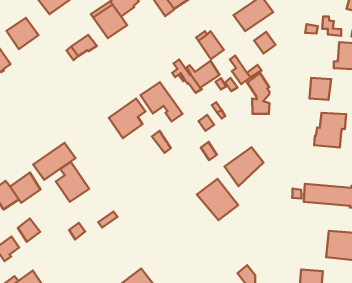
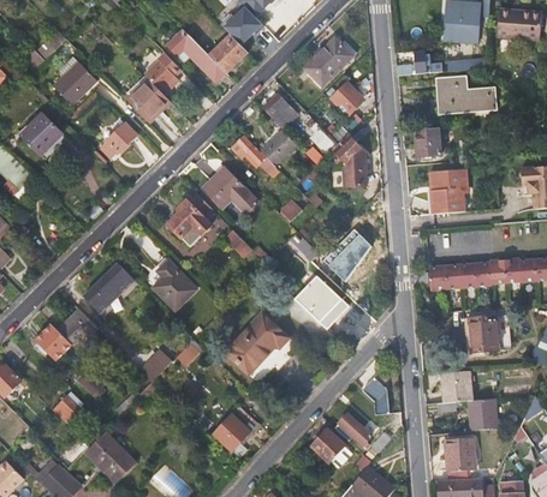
building: [56,162,89,202] -> [154,261,197,311]
building: none -> [225,310,289,372]

